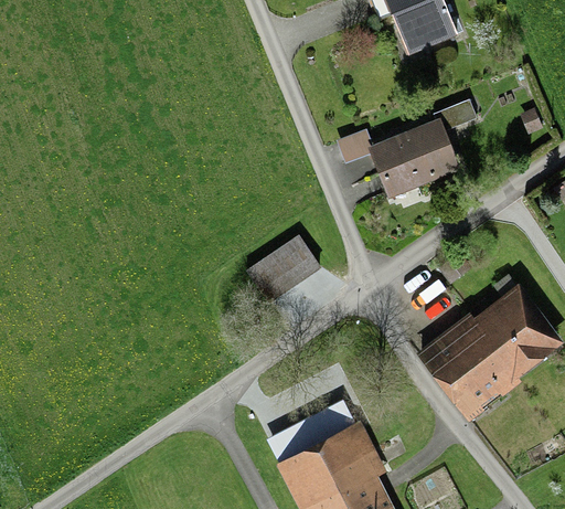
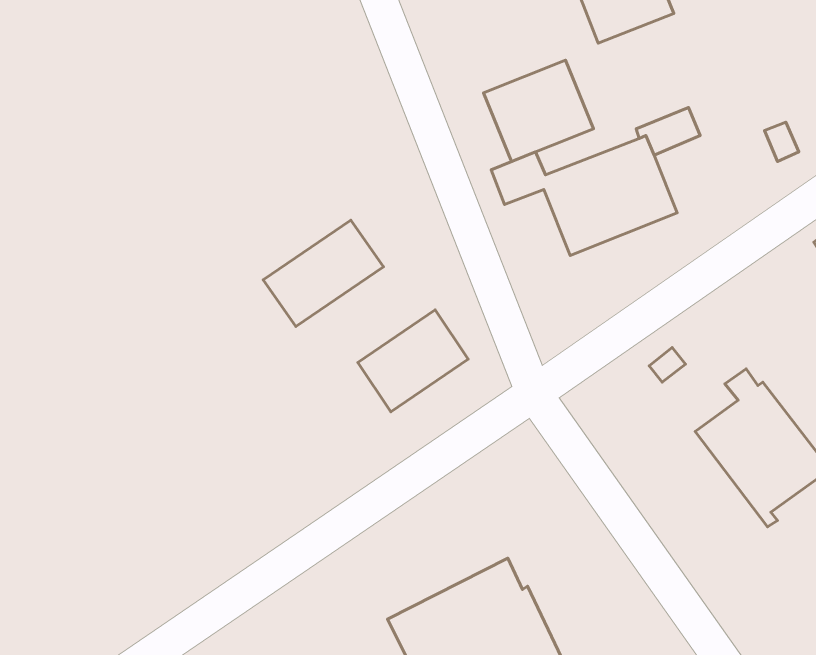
building: none -> [484,60,593,161]
building: none -> [263,220,384,327]
building: [417,312,522,421] -> none

